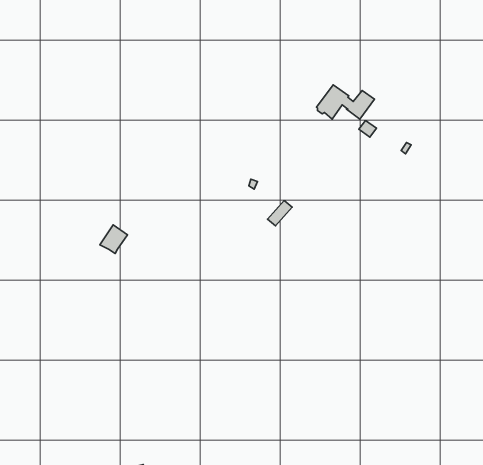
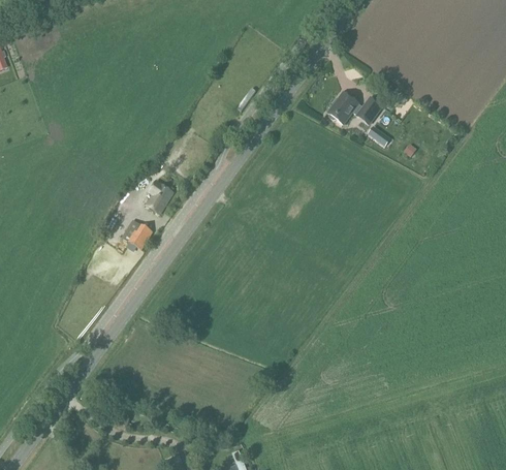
building: none -> [146,181,173,214]

